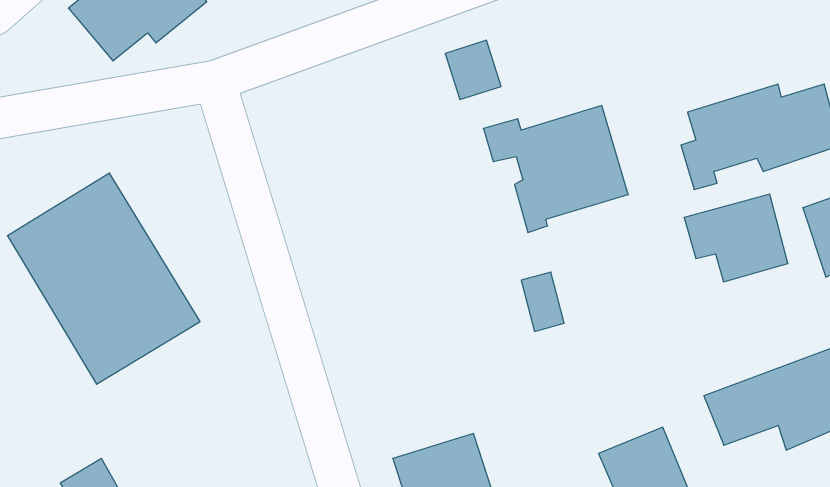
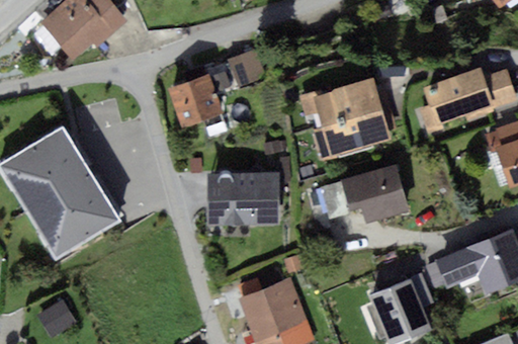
building: [445,40,501,100] -> [232,50,266,86]
building: none -> [170,77,220,125]
building: [684,194,788,282] -> [341,169,405,223]
building: none -> [208,174,282,225]

